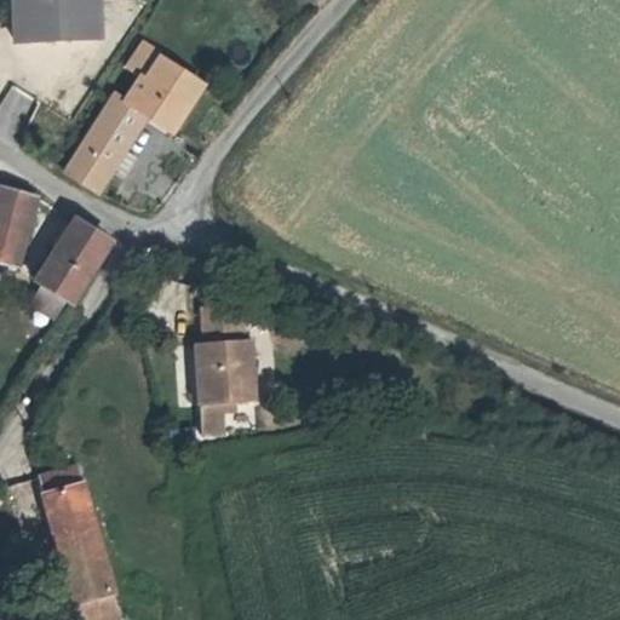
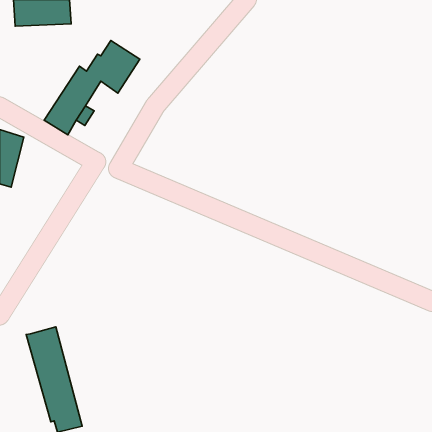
building: [34,220,109,304] -> none
building: [197,308,254,431] -> none

